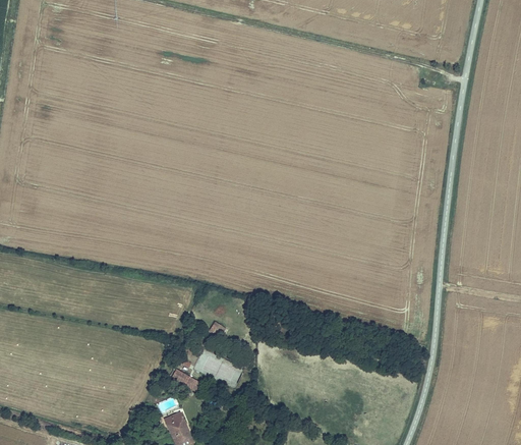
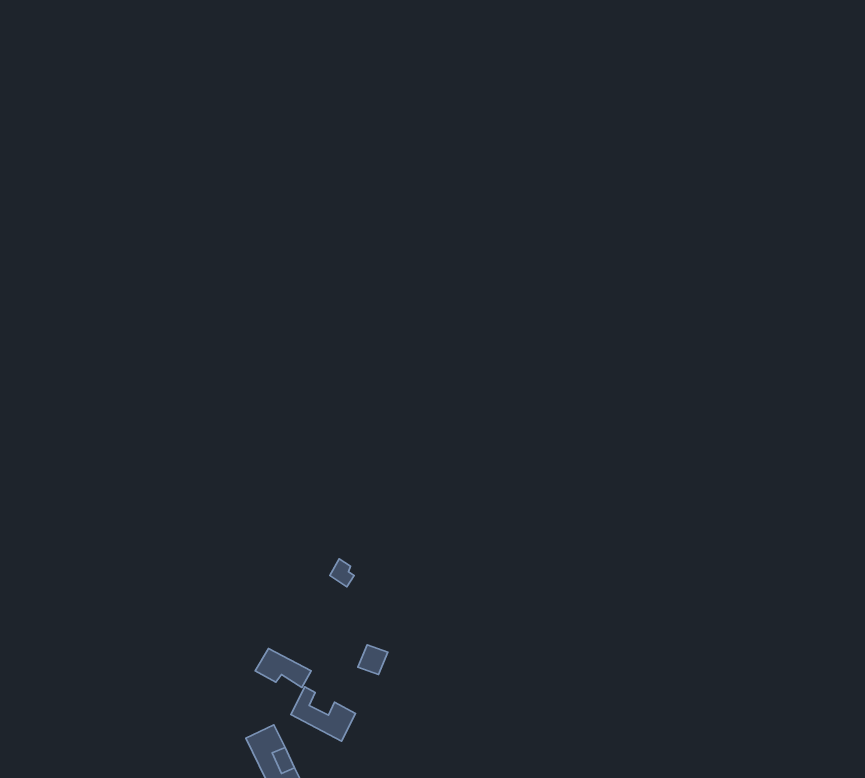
building: none -> [291,687,356,741]

